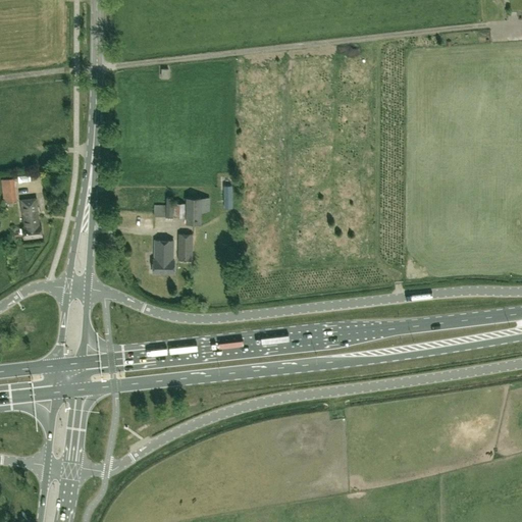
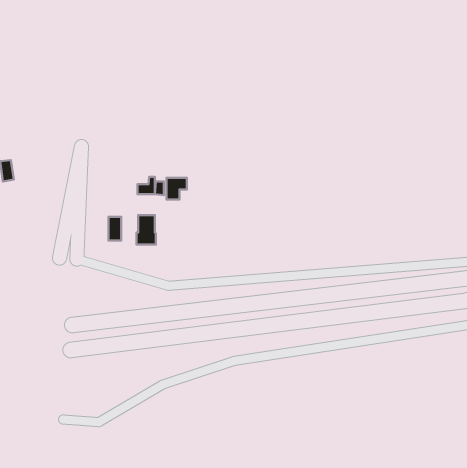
building: [19,198,42,239] -> none
building: [177,233,192,260] -> [108,217,121,241]

